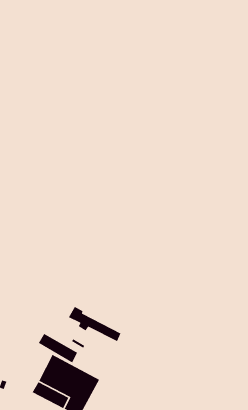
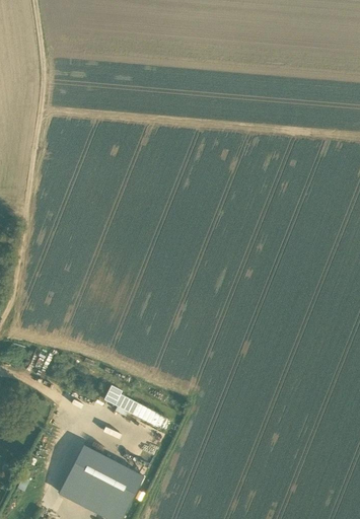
building: [38,333,78,364] -> none

